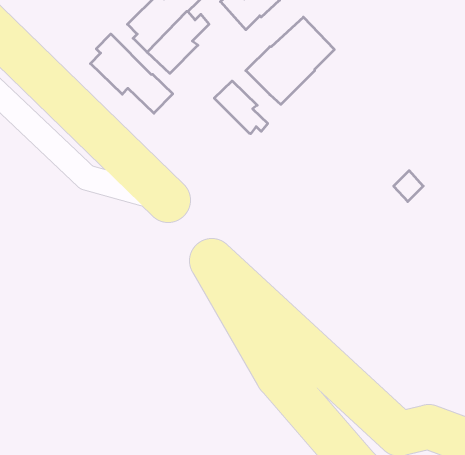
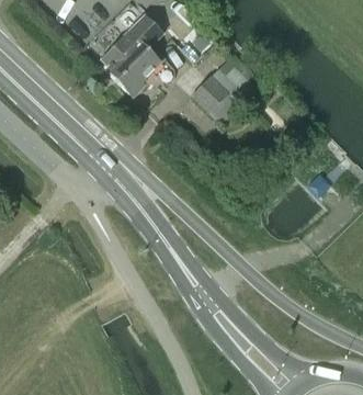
building: [90,34,173,113] -> none
building: [214,81,268,134] -> none

